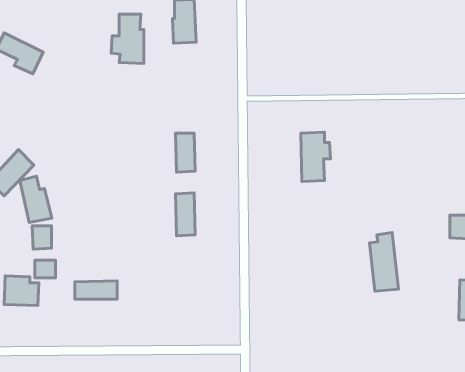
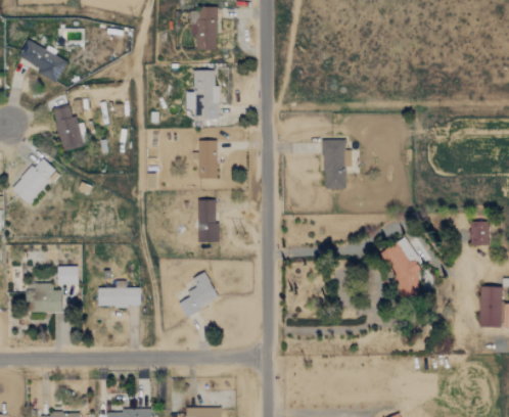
building: [111,14,144,63] -> [186,70,219,119]
building: [20,176,52,222] -> [53,104,85,150]
building: [32,226,51,249] -> none
building: none -> [180,272,220,316]

